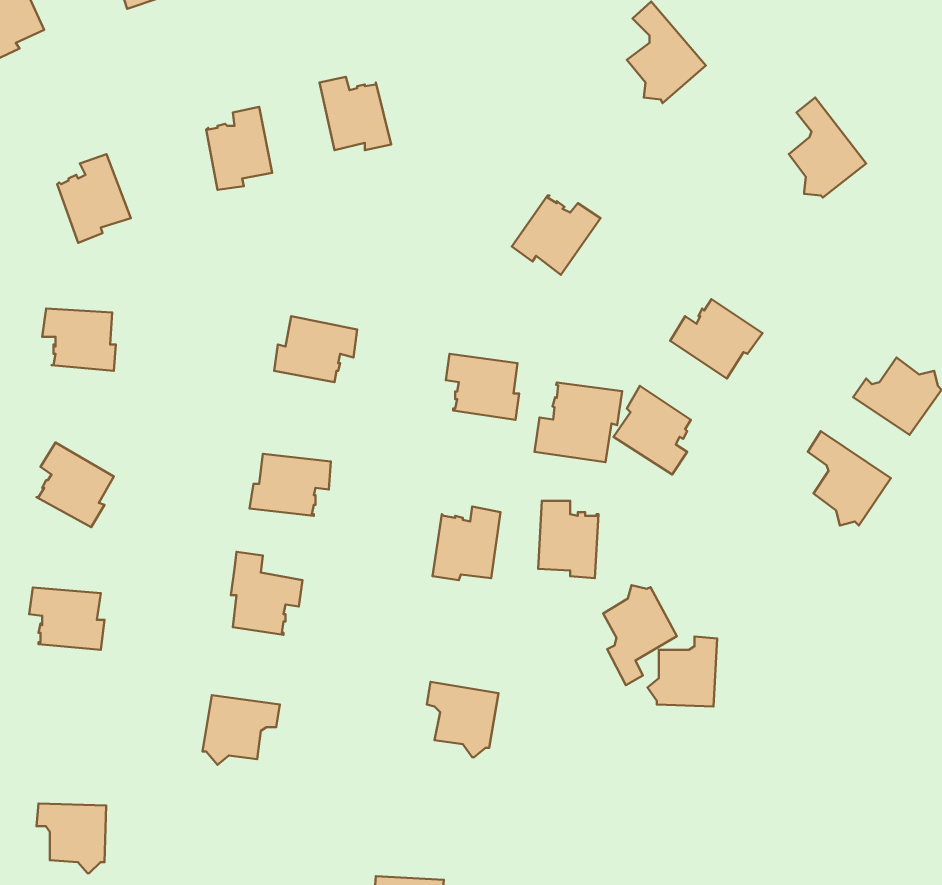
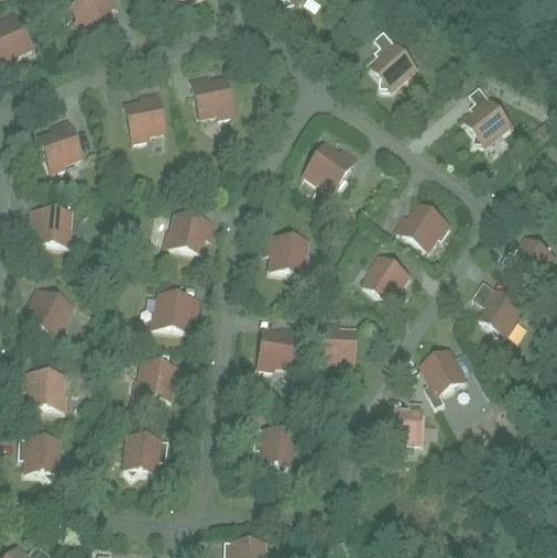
building: [535,382,622,462] -> none
building: [603,585,677,685] -> [423,348,466,406]
building: [37,804,106,873] -> [18,437,58,478]

